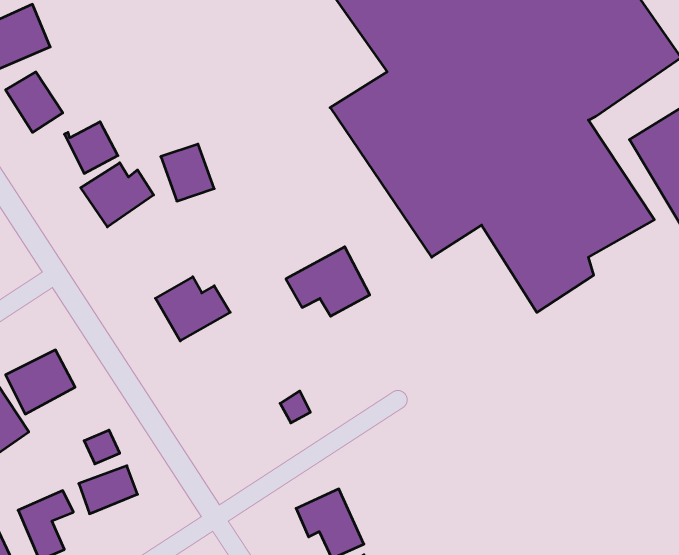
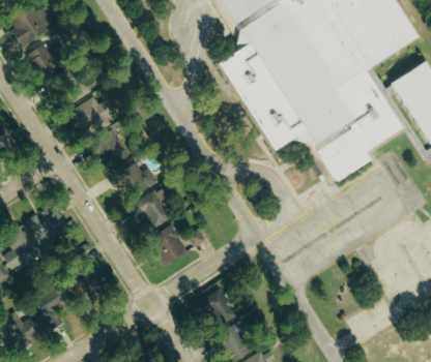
building: [161,144,214,201] -> [96,132,127,165]
building: [286,247,370,316] -> [127,188,176,229]
building: none -> [149,225,188,265]

